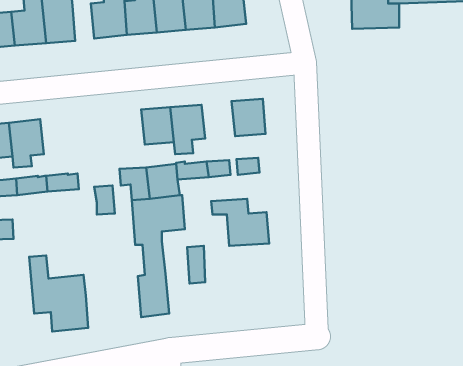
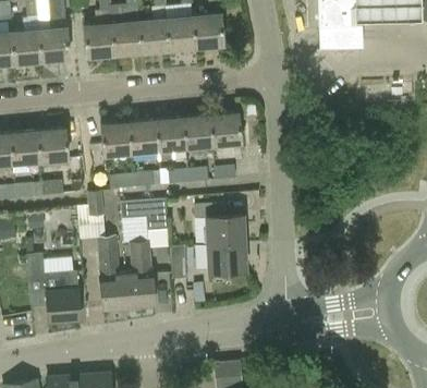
building: none -> [183,114,213,148]
building: none -> [100,122,132,156]
building: none -> [37,129,68,171]
building: none -> [97,237,129,312]
building: none -> [208,243,245,272]

